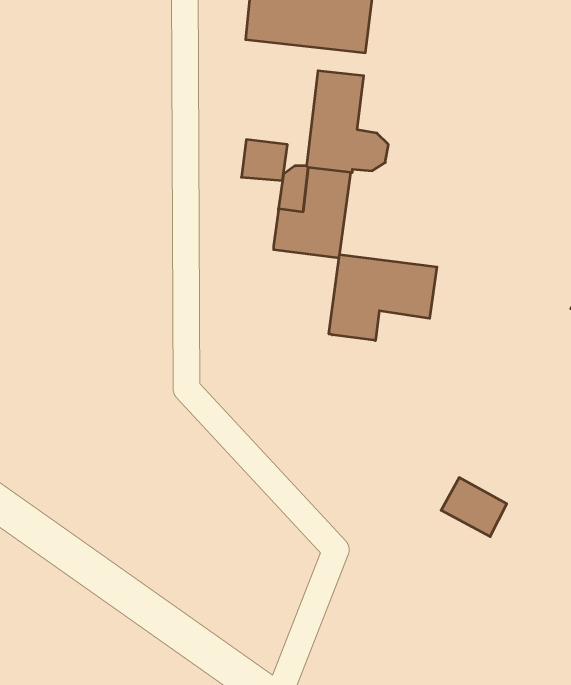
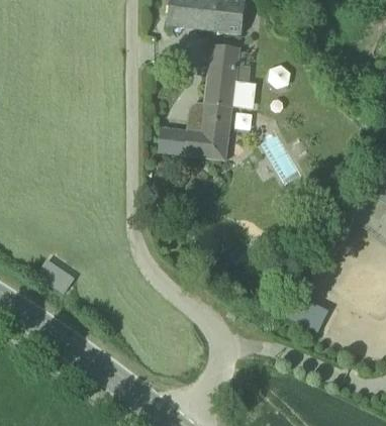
building: [241,140,287,181] -> [159,127,187,152]
building: [329,255,437,341] -> none
building: none -> [36,257,74,293]

